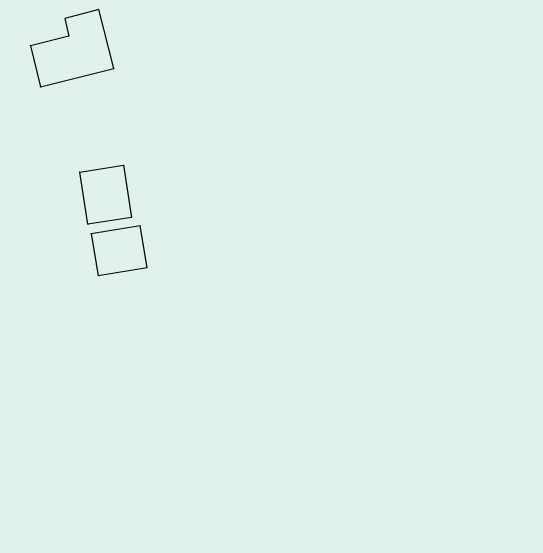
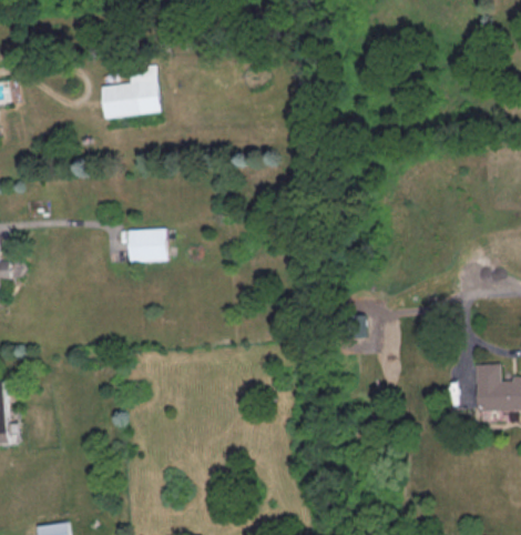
building: [80,165,132,224] -> none

